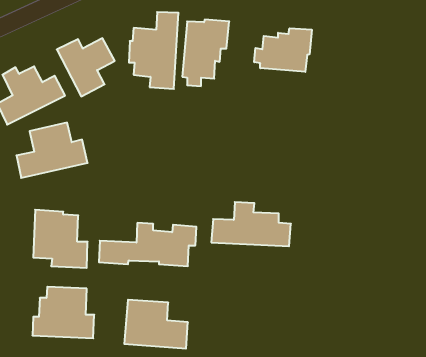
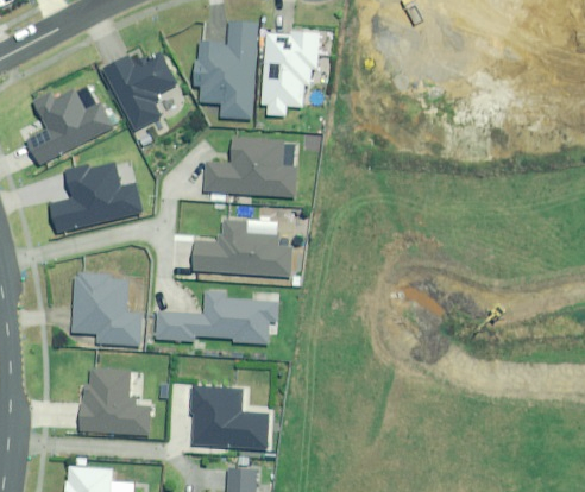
building: [254,28,312,72] -> none
building: none -> [203,138,296,196]
building: [211,202,291,246] -> [193,220,294,276]

